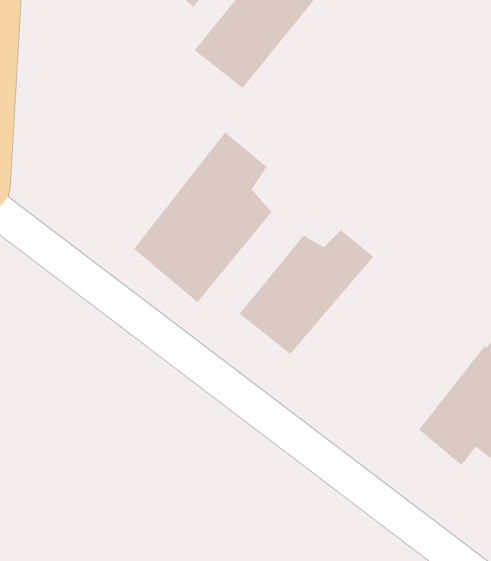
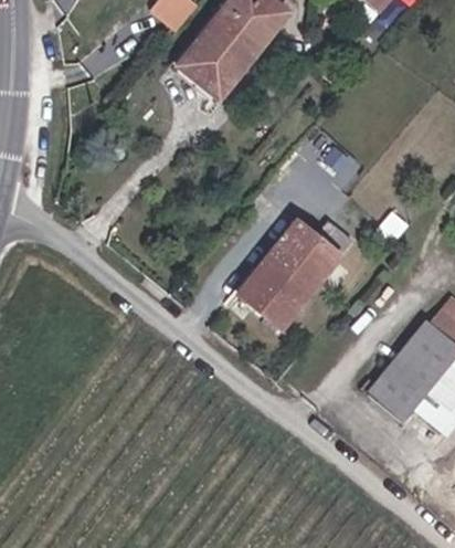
building: [133,131,272,303] -> none

